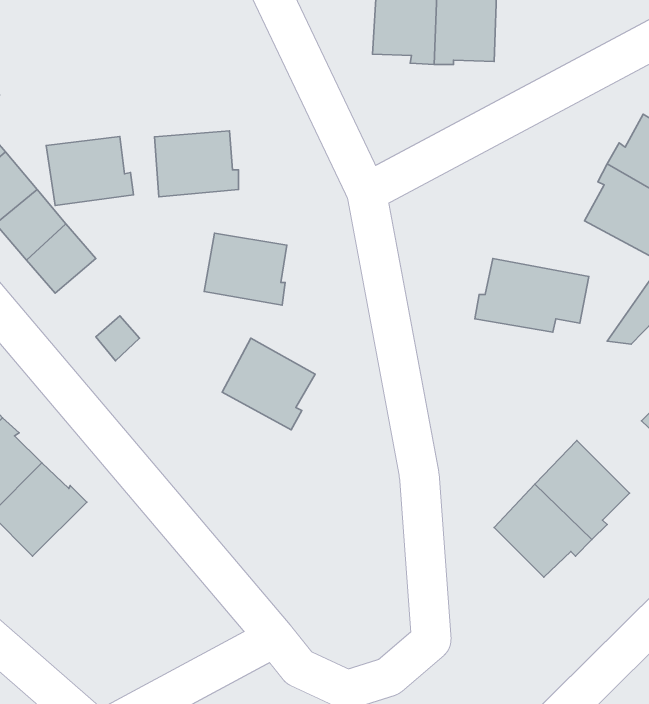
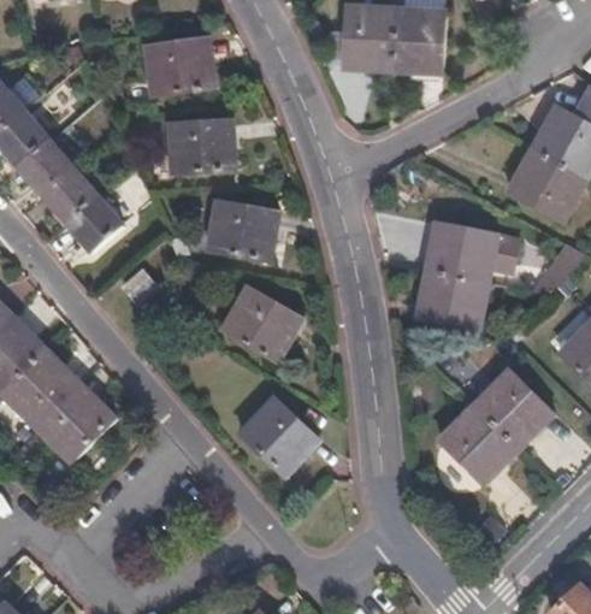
building: [46,136,133,205] -> [146,40,215,95]
building: none -> [420,271,487,330]
building: none -> [240,397,315,476]

